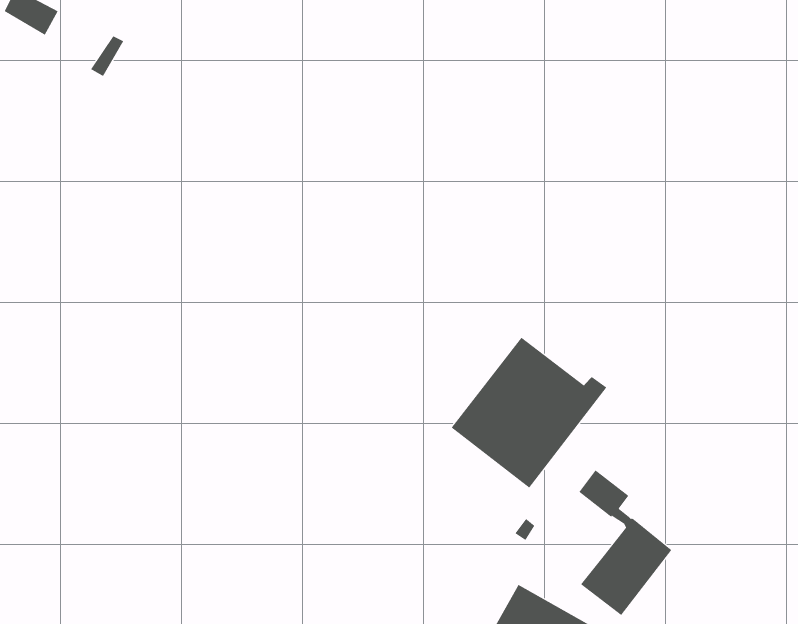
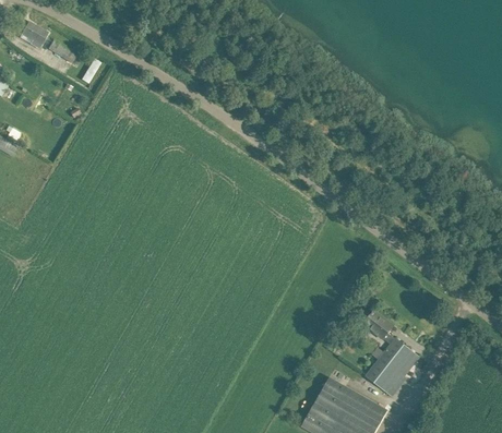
building: [451,337,607,489] -> none

